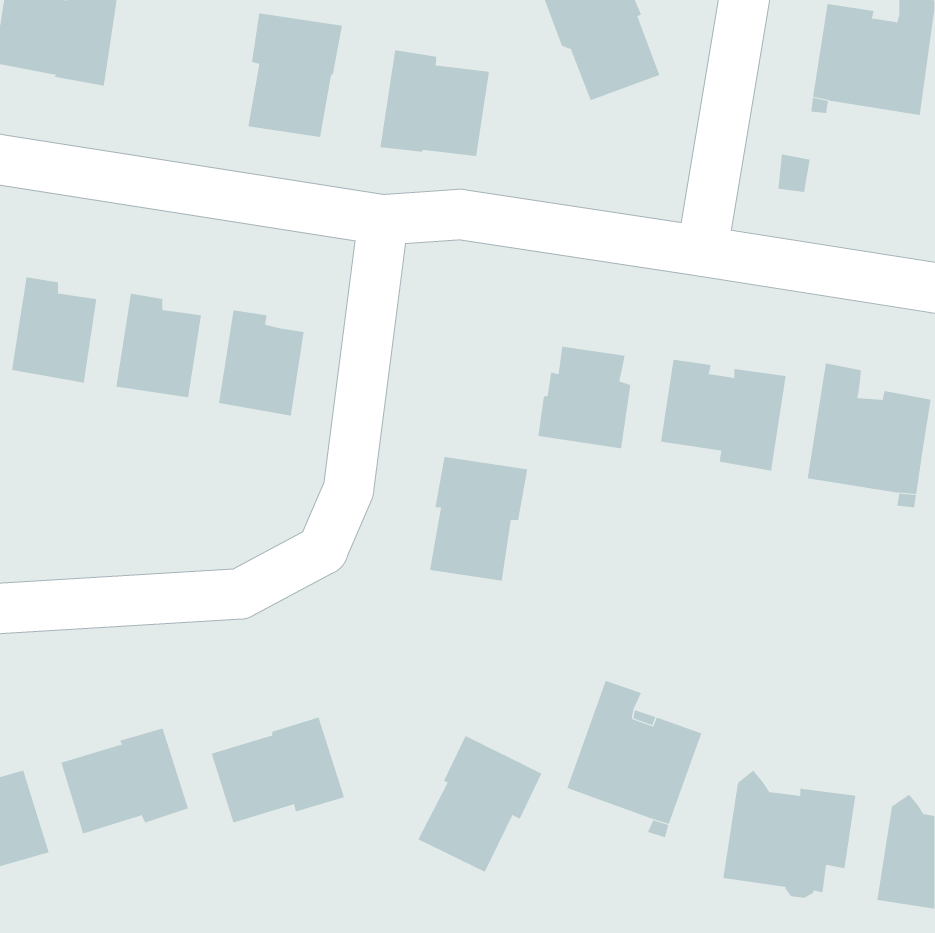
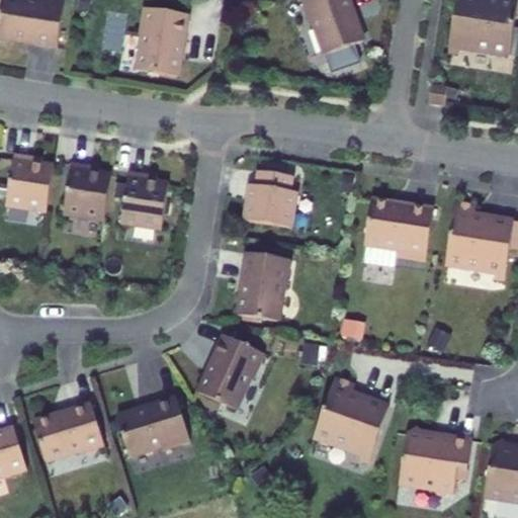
building: [380,49,490,157] -> none
building: [538,346,631,449] -> [244,171,295,228]
building: [417,735,542,873] -> [196,333,265,409]

